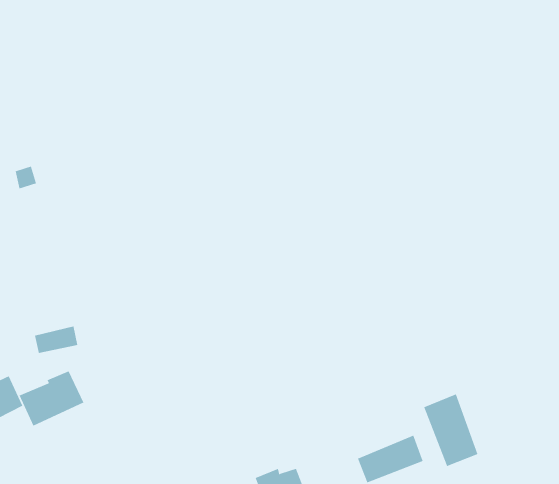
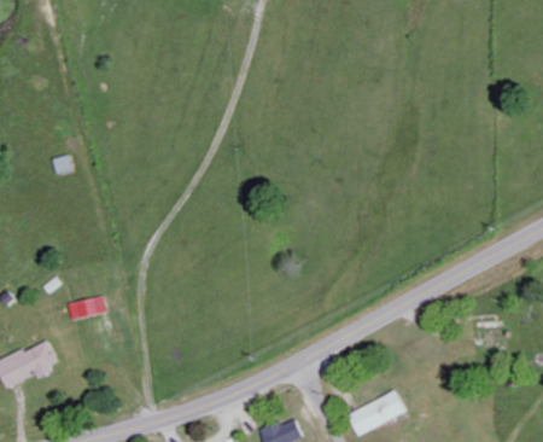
building: [19,371,84,426] -> none
building: [423,393,478,467] -> none

